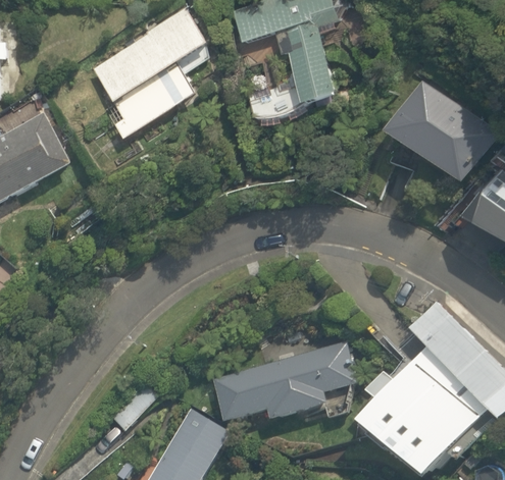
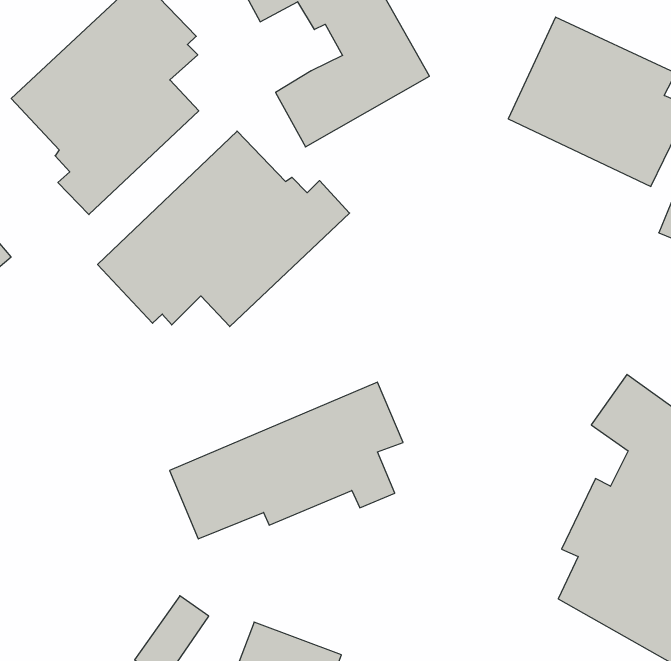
building: none -> [98,131,350,327]
building: [214,343,357,419] -> [170,382,403,539]

